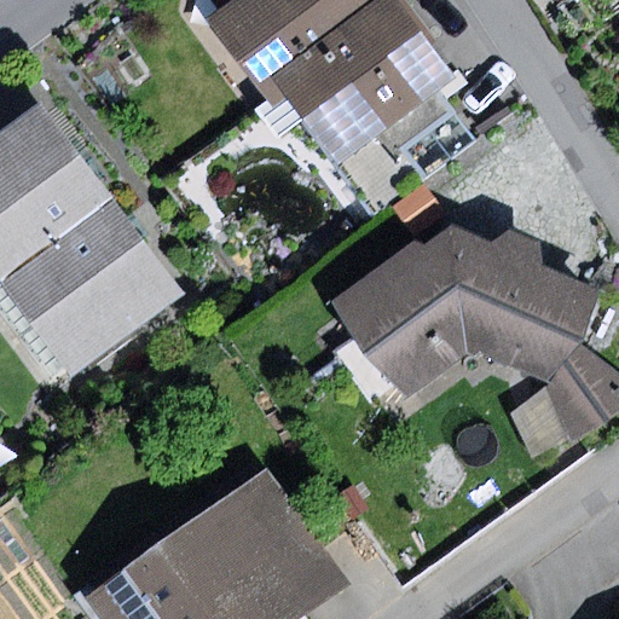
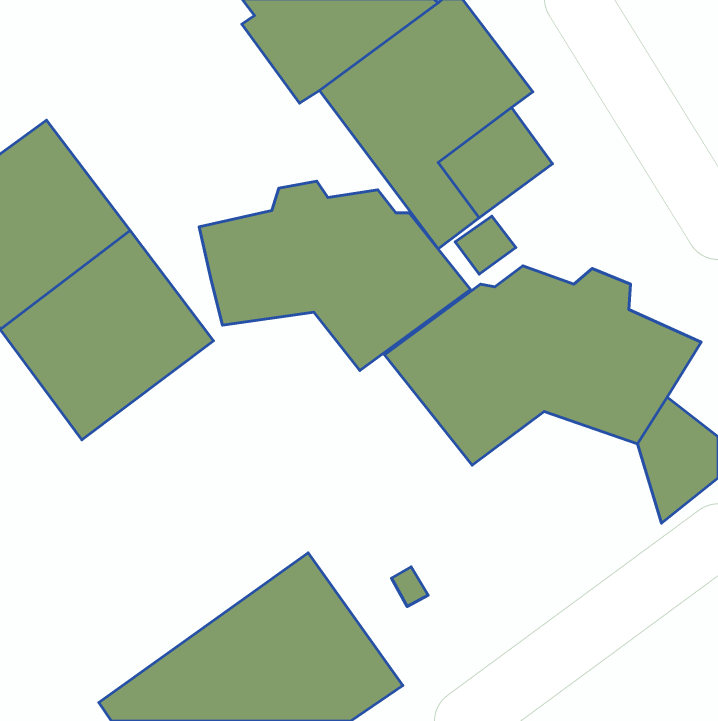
building: none -> [199,181,470,370]

